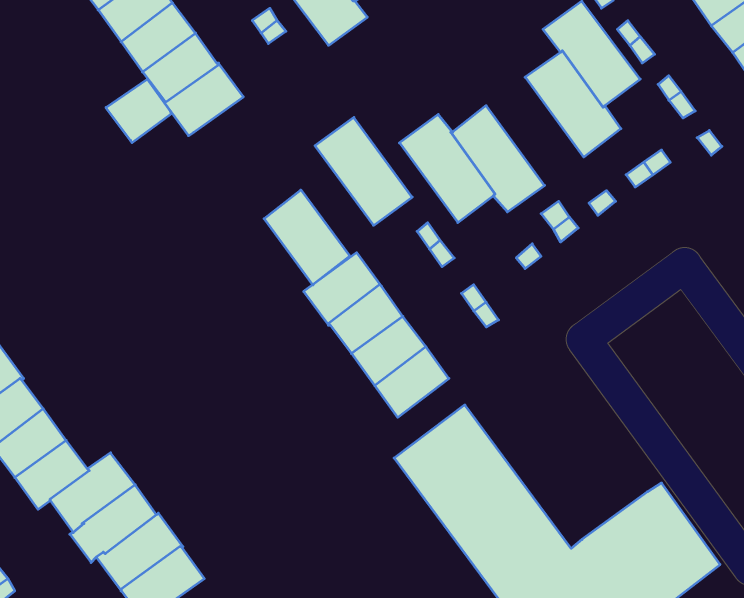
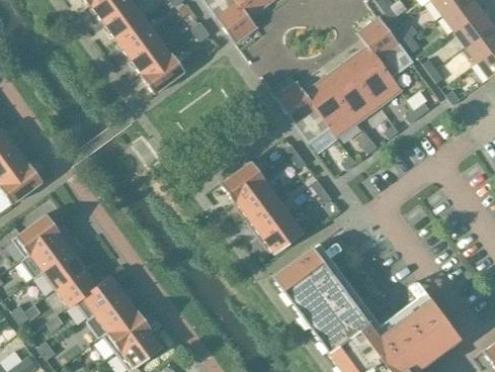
building: [106,79,172,143] -> none
building: [315,117,412,225] -> [325,61,381,122]
building: [264,190,350,285] -> none

